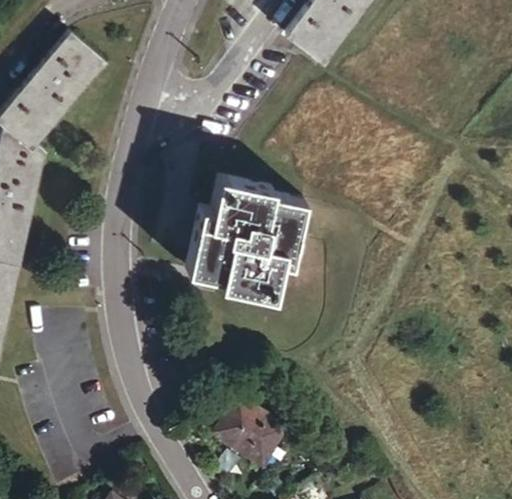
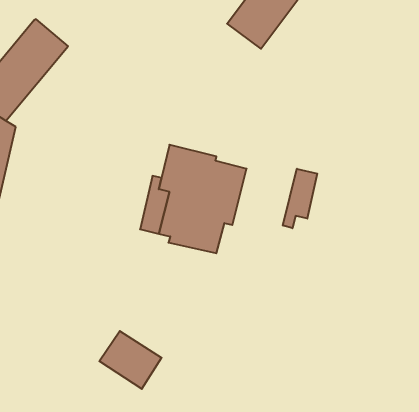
building: none -> [283,169,317,228]
building: [215,402,285,467] -> [99,331,162,389]

